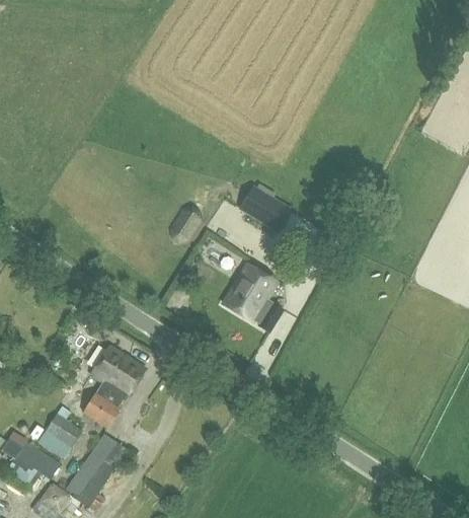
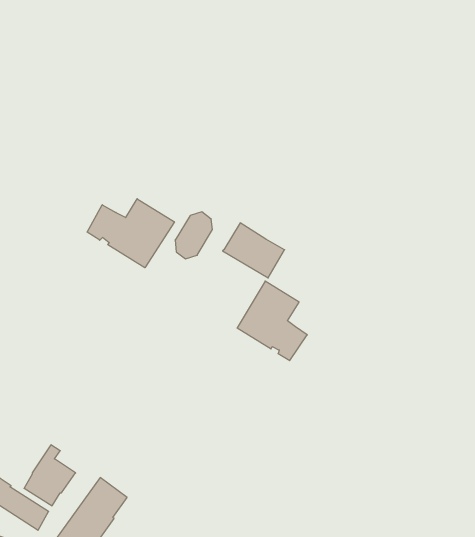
building: [238,186,292,233] -> [223,223,285,278]
building: none -> [87,199,174,268]
building: [82,345,144,427] -> none

